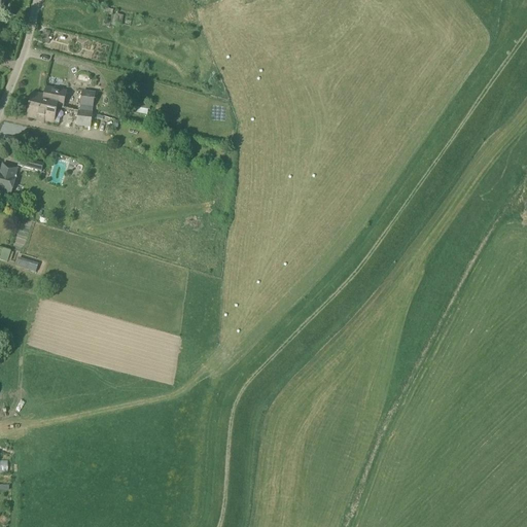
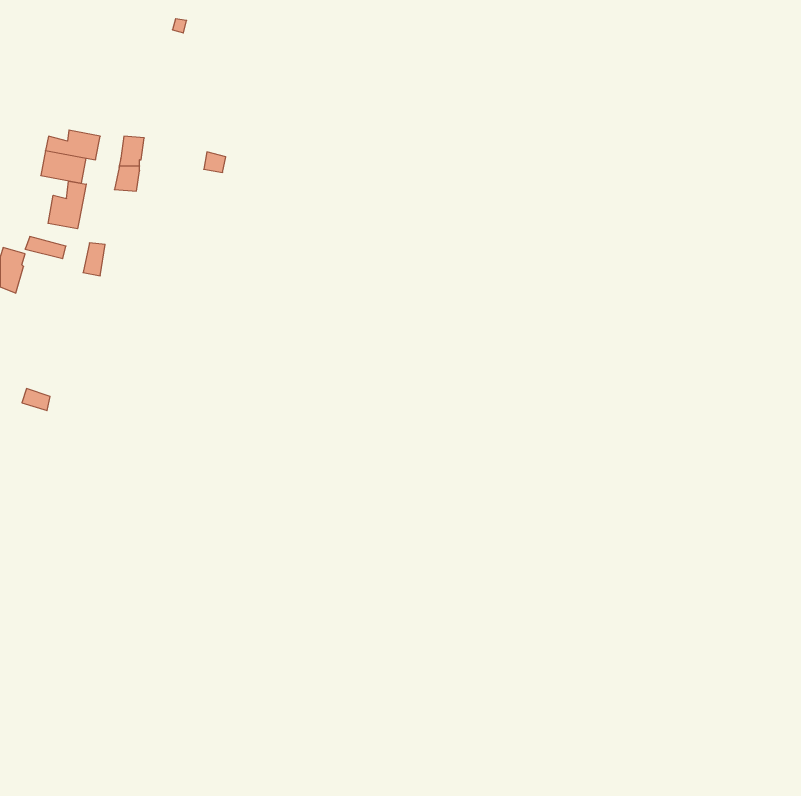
building: none -> [48,181,86,229]

